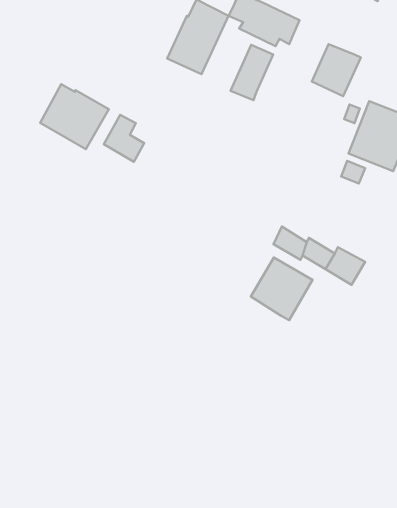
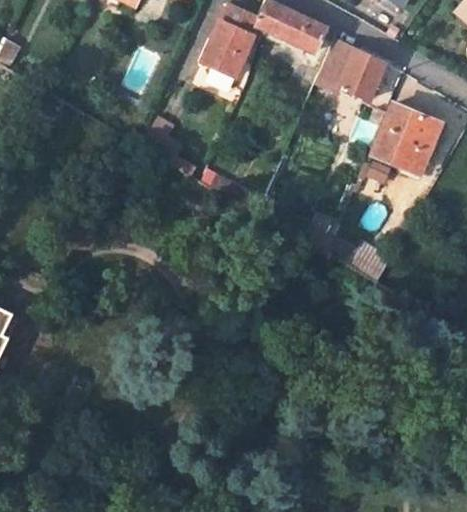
building: [230,45,273,100] -> [314,40,355,93]
building: [40,84,109,149] -> none
building: [251,258,313,320] -> none

